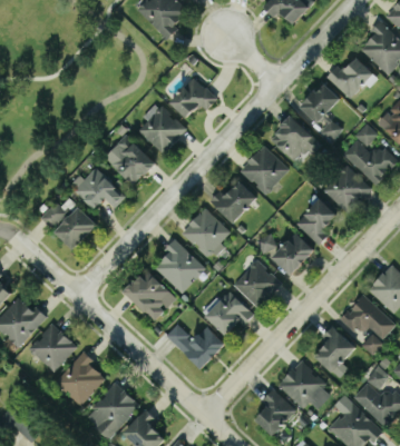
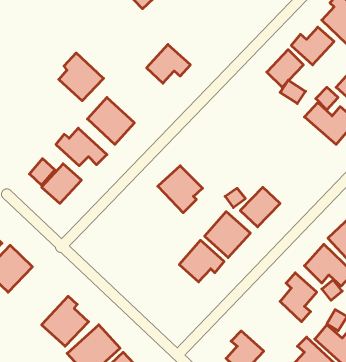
building: [138,102,187,155] -> [59,53,104,101]
building: [270,117,322,161] -> none
building: [240,146,290,195] -> none
building: [323,165,371,214] -> none
building: [211,181,257,224] -> none
building: [295,198,338,246] -> none
building: [154,241,206,294] -> none
building: [125,269,177,321] -> none
building: [28,324,77,373] -> none
building: [166,324,226,369] -> none
building: [277,360,331,409] -> none

